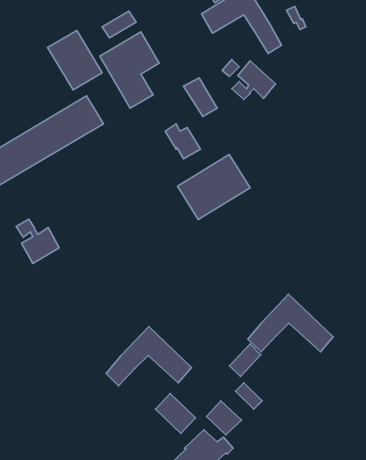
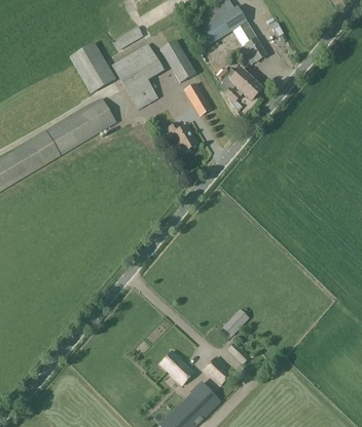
building: none -> [159,38,197,82]
building: [177,155,250,219] -> none
building: [16,219,59,264] -> none
building: [248,294,333,352] -> none
building: [106,327,191,386] -> none

